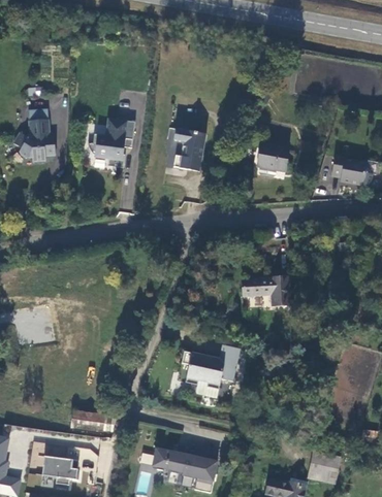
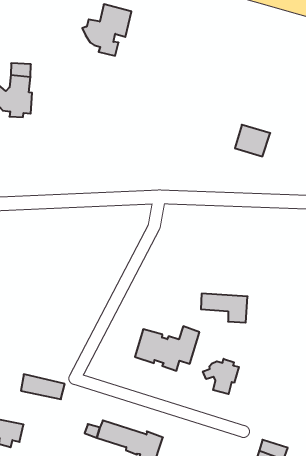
building: [90,114,136,164] -> [82,4,131,56]
building: [173,130,206,172] -> none
building: [243,278,289,305] -> [201,294,248,323]
building: none -> [203,359,239,394]

